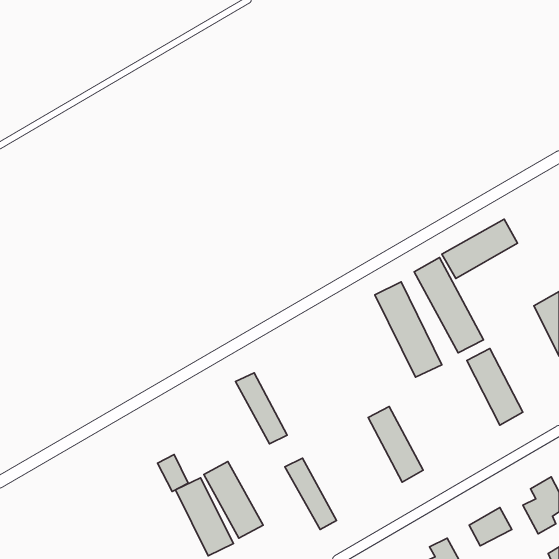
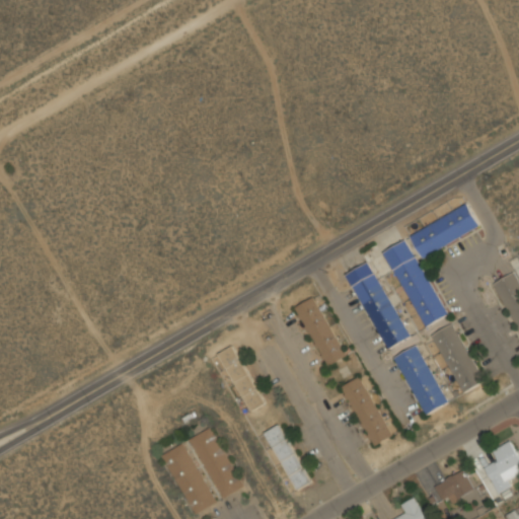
building: none -> [295,297,345,367]
building: none -> [393,346,448,416]
building: [157,455,188,492] -> none

